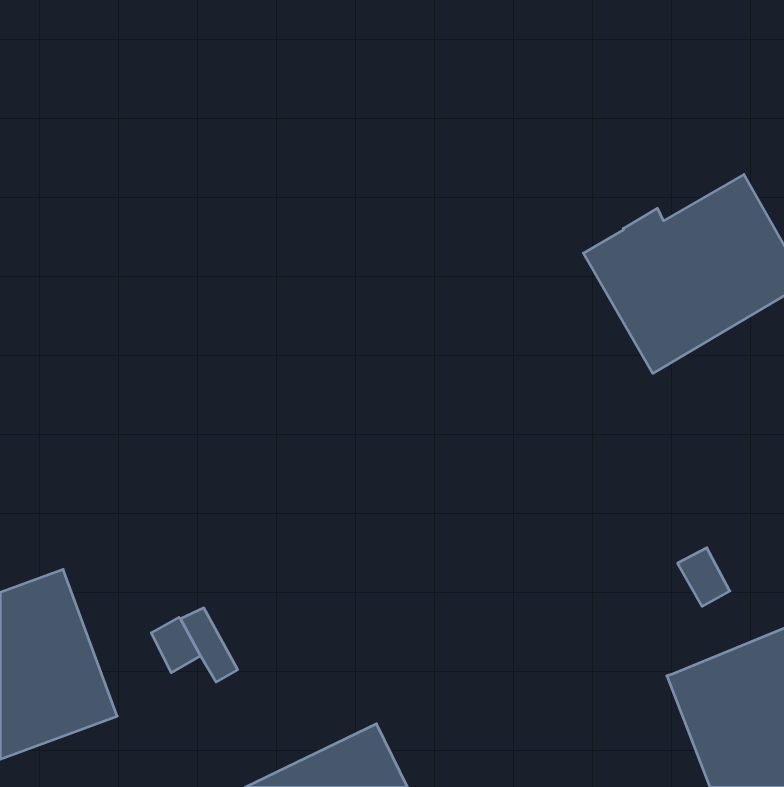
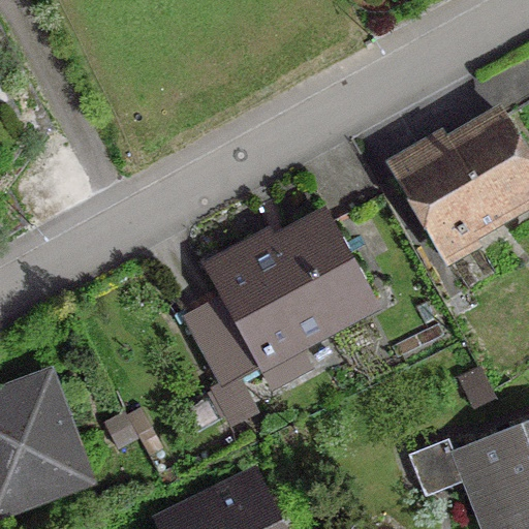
building: none -> [191,221,372,387]

